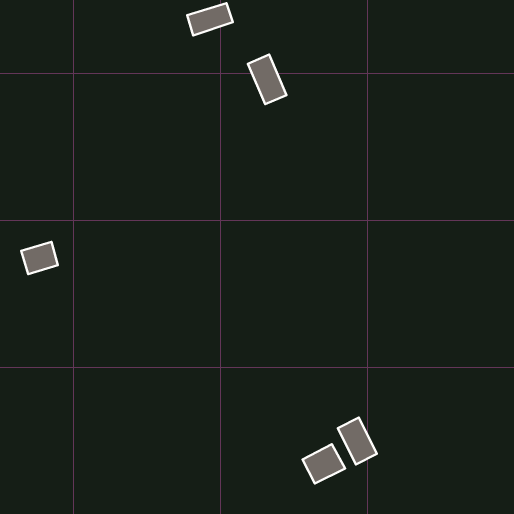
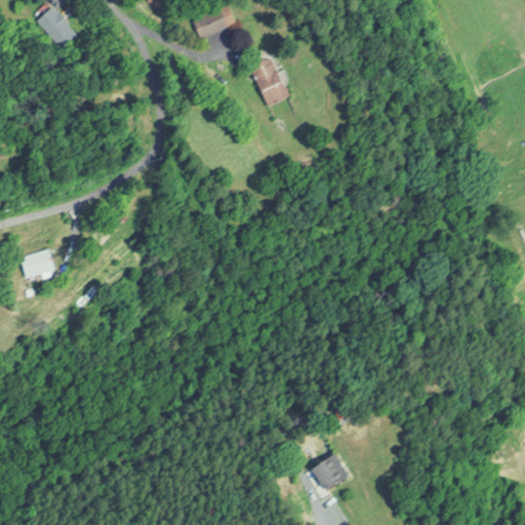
building: none -> [37,9,69,44]
building: [338,418,377,464] -> none

